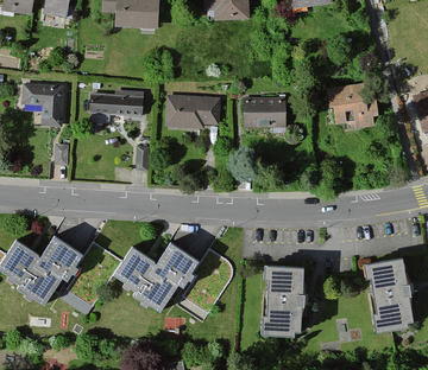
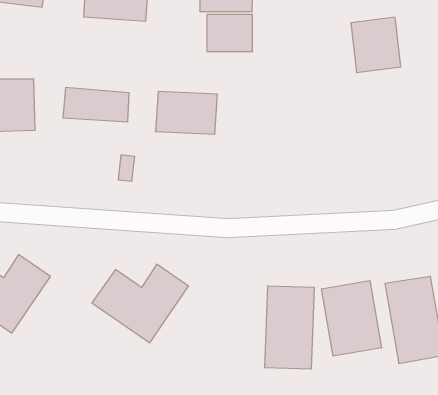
building: [331,87,373,134] -> [351,17,401,72]
building: [246,98,285,130] -> [207,14,253,52]
building: none -> [322,281,382,356]

